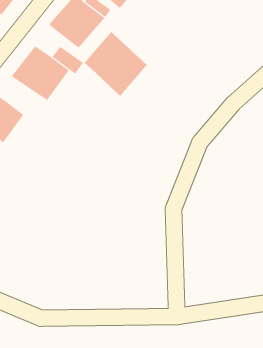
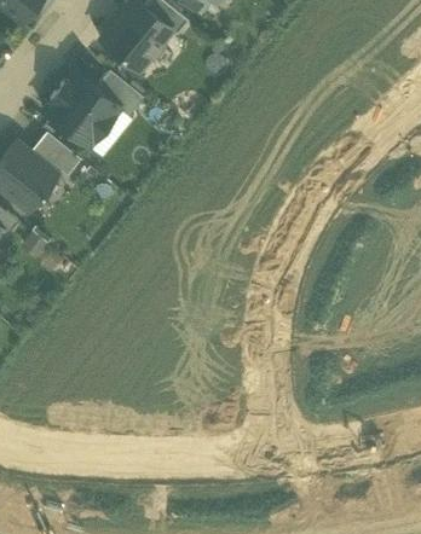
building: [84,31,148,97] -> none
building: none -> [33,132,79,175]

